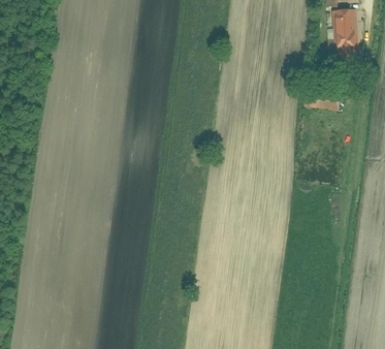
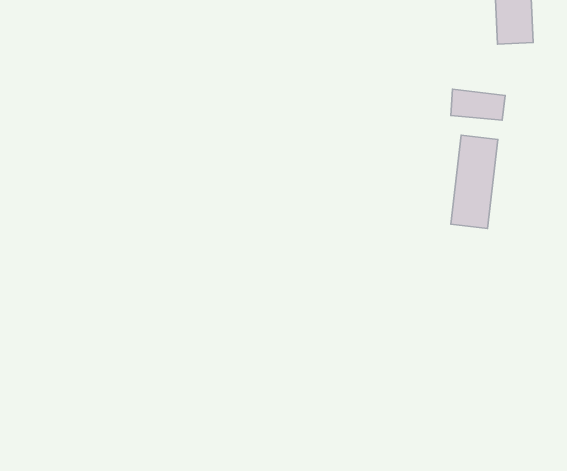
building: none -> [451,135,498,229]

